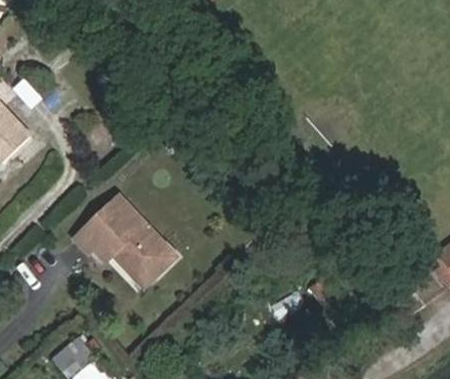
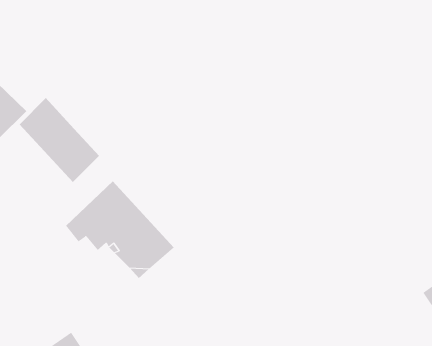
building: none -> [19,97,100,183]

